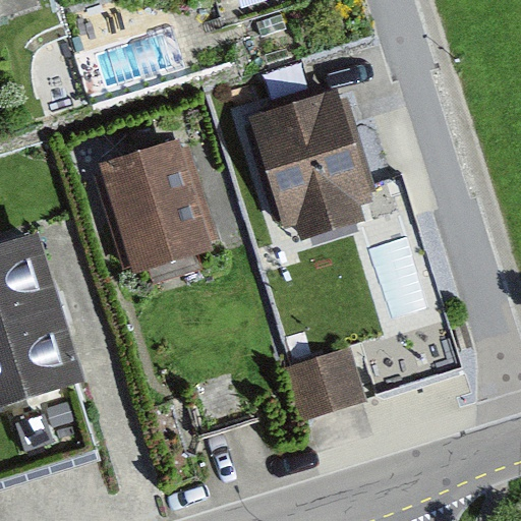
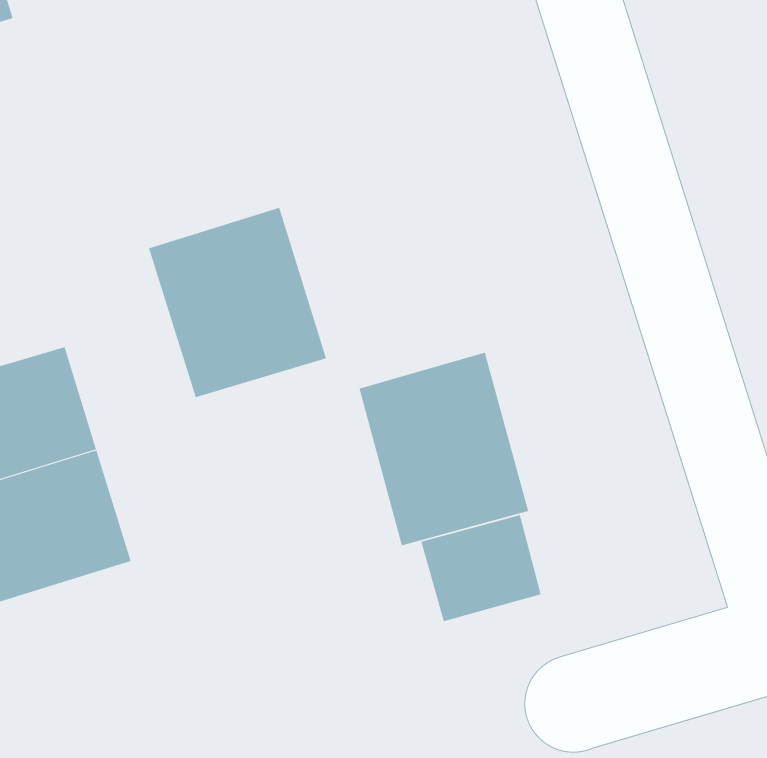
building: [244,88,368,241] -> none
building: none -> [359,352,529,546]

